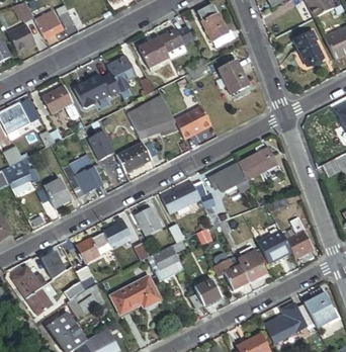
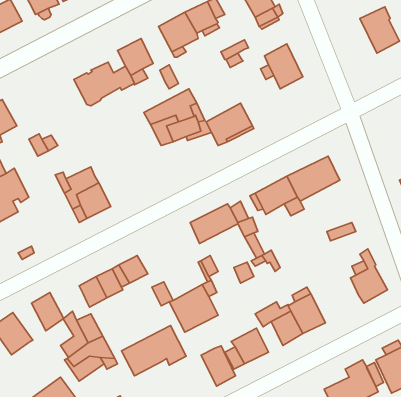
building: [42,84,73,113] -> none
building: [89,130,115,160] -> none
building: [117,143,151,172] -> none
building: [44,178,71,207] -> none
building: [136,206,161,235] -> none
building: [257,229,291,263] -> none
building: [26,287,53,315] -> none
building: none -> [201,346,236,386]

